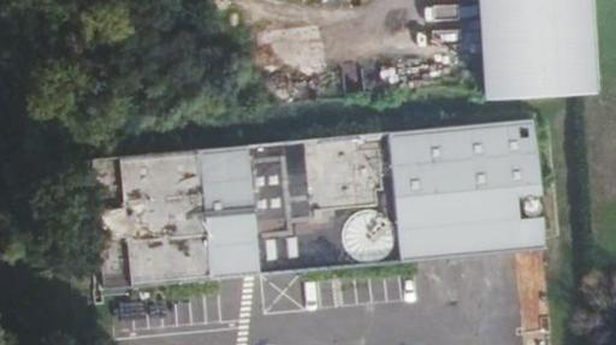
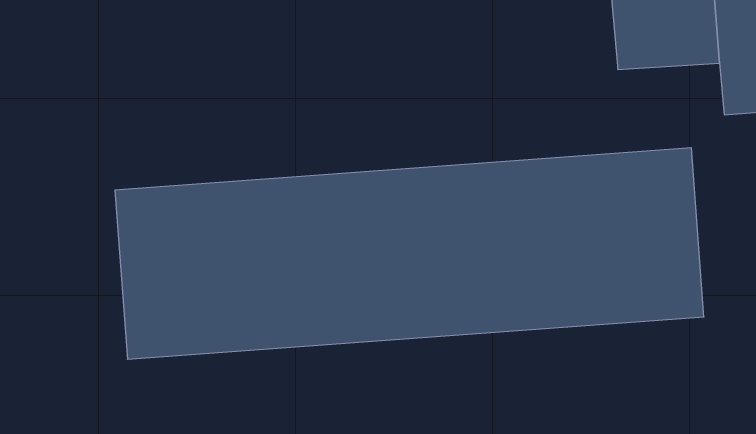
building: [484,54,565,100] -> none

